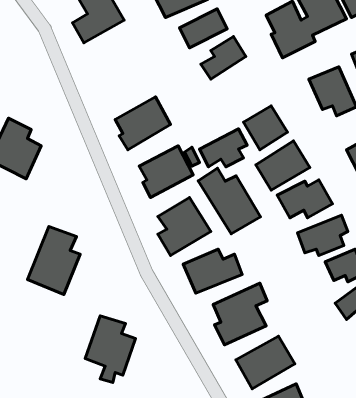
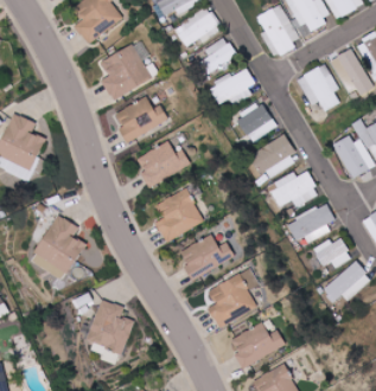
building: none -> [100,40,158,101]
building: [200,129,247,167] -> [210,69,255,104]
building: [198,168,260,234] -> none

